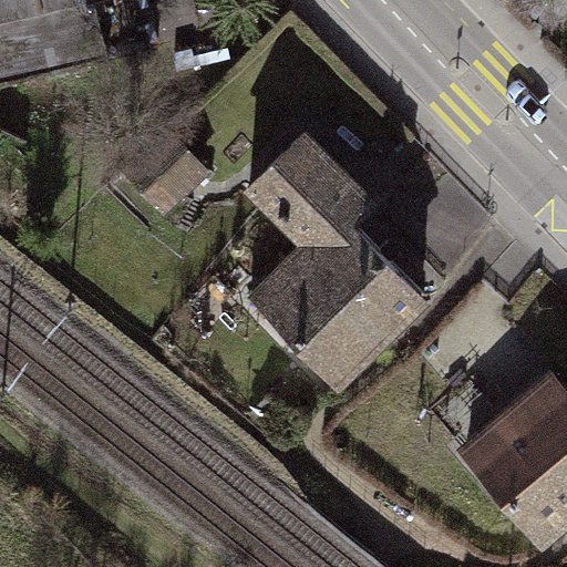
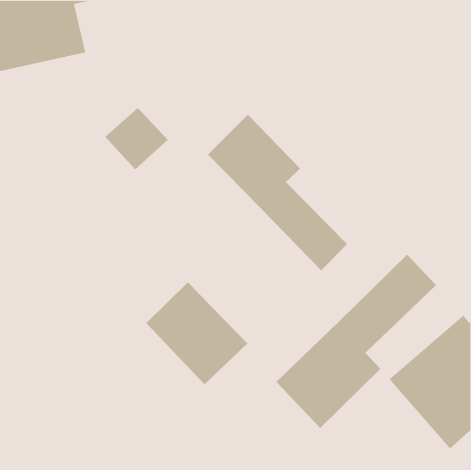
building: [261,254,384,378] -> [145,282,248,385]
building: none -> [276,254,437,429]

